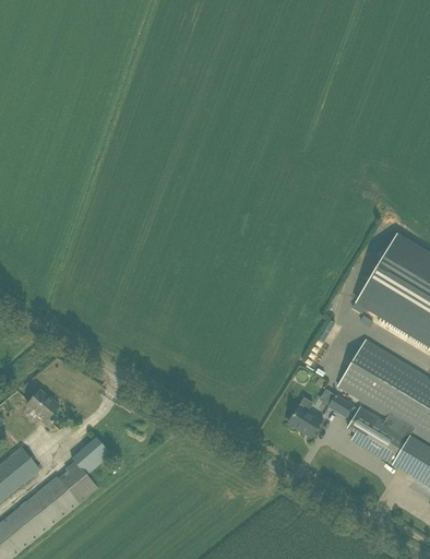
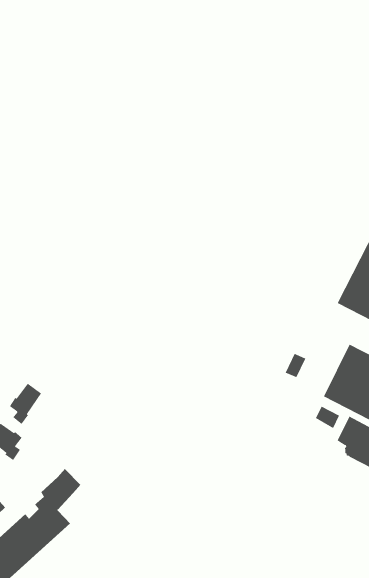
building: none -> [9,383,42,425]
building: [289,396,322,436] -> none

